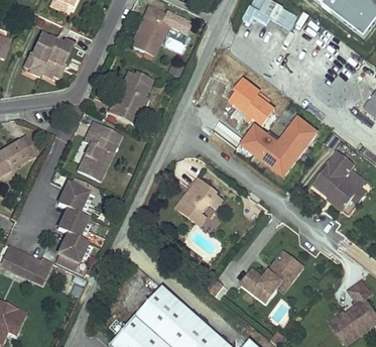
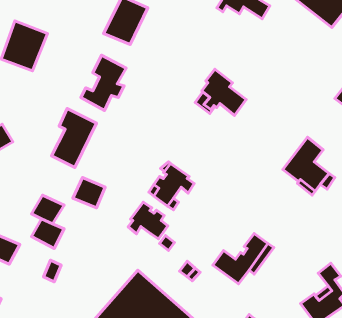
building: [243,118,320,180] -> none
building: [54,183,88,214] -> [73,177,105,208]
building: none -> [128,202,168,239]

